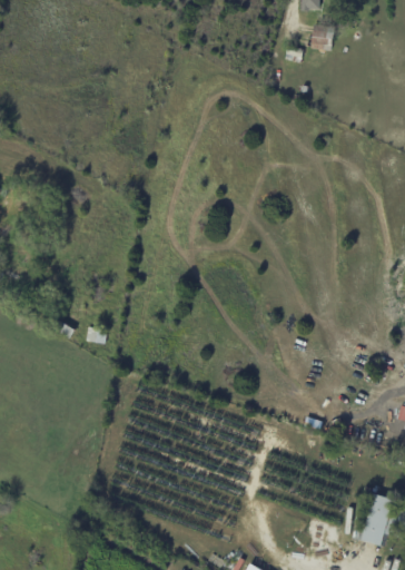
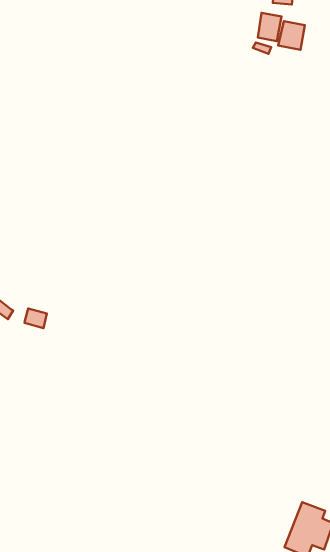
building: none -> [258,13,282,41]

